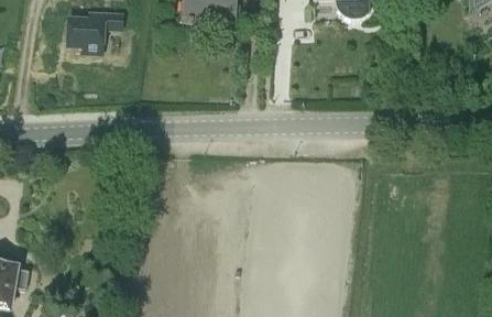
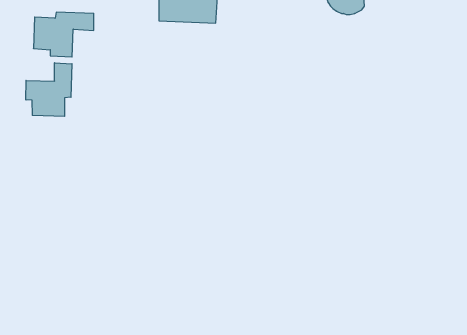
building: none -> [26,63,72,116]

